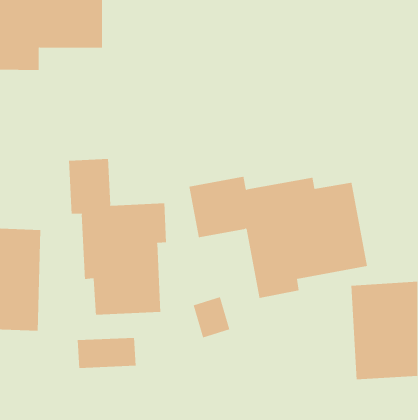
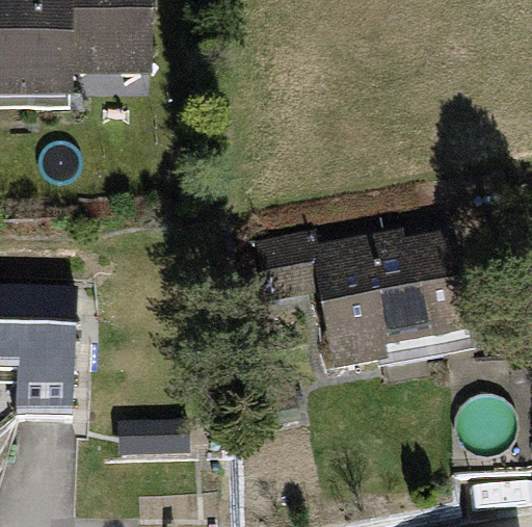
building: [69,158,167,315] -> none

